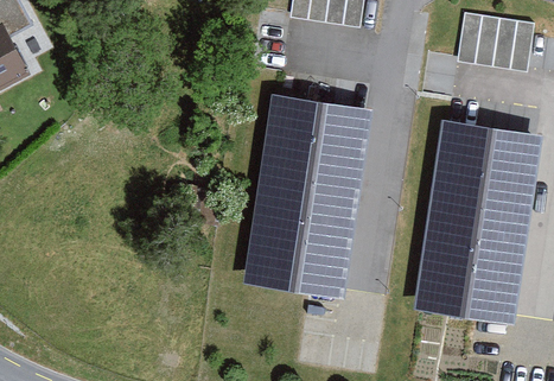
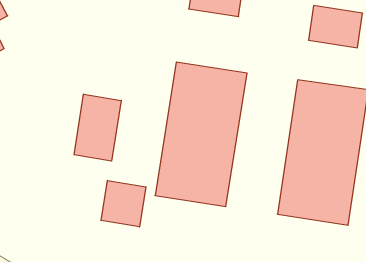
building: none -> [74,94,121,161]
building: none -> [101,180,146,227]

